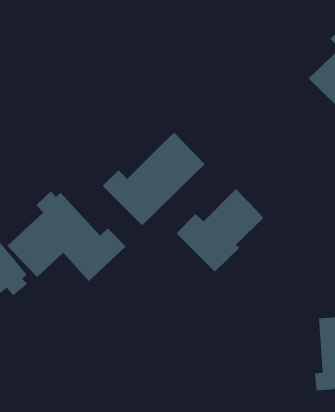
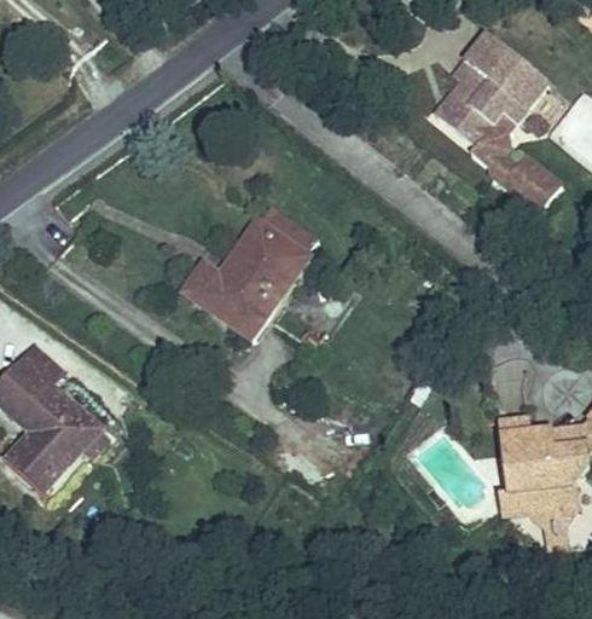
building: [176,188,264,273] -> none
building: [7,190,126,282] -> none

